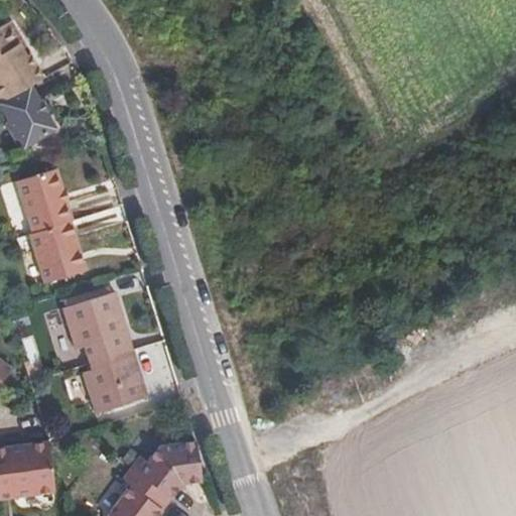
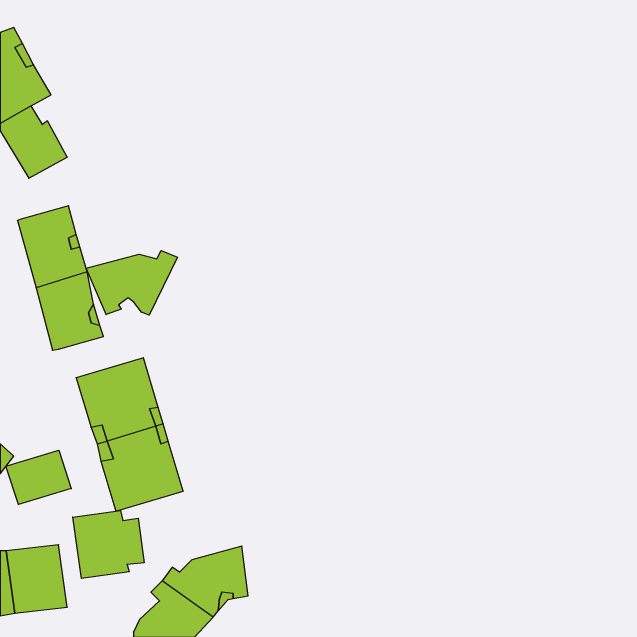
building: none -> [86,251,178,315]
building: none -> [6,450,71,504]
building: none -> [73,510,144,578]

